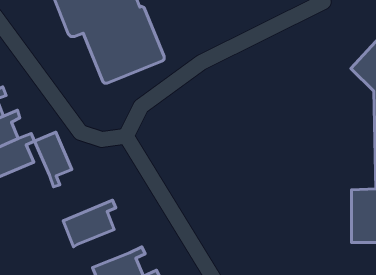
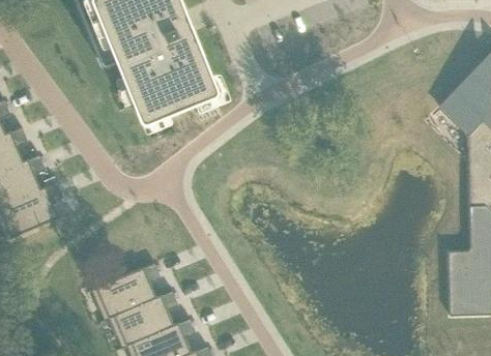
building: [35,132,72,187] -> none
building: none -> [113,291,176,346]

